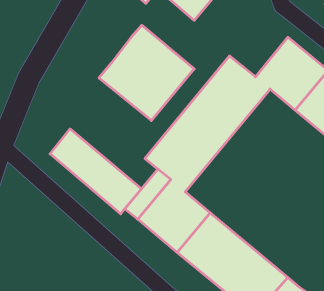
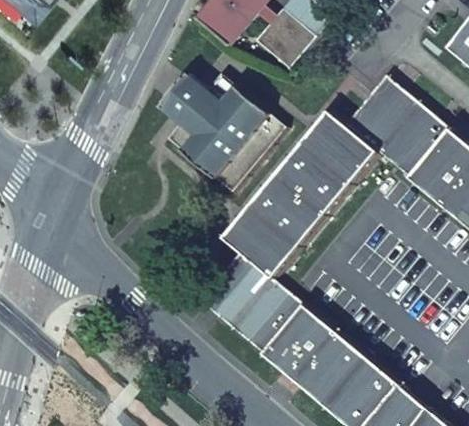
building: none -> [163,74,207,121]
building: none -> [345,76,401,138]
building: [50,129,141,214] -> none

